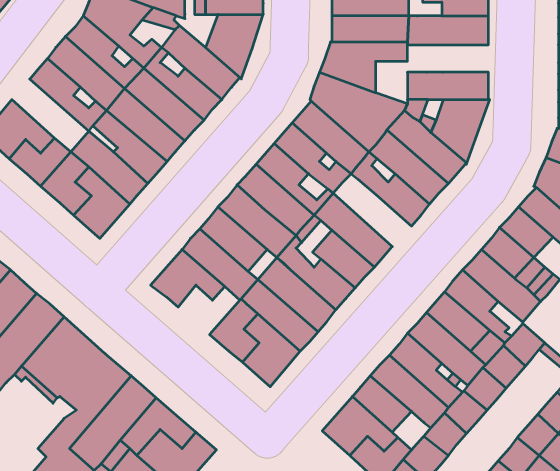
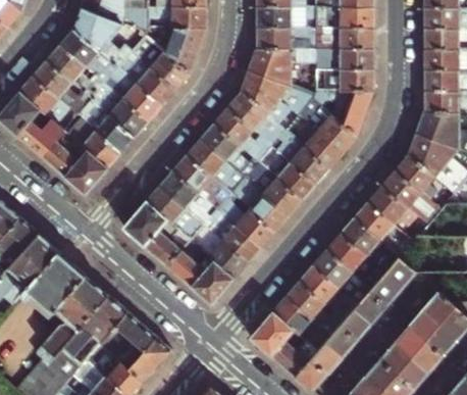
building: none -> [312,50,372,70]
building: none -> [18,76,75,130]
building: none -> [257,146,315,200]
building: none -> [142,229,188,265]

